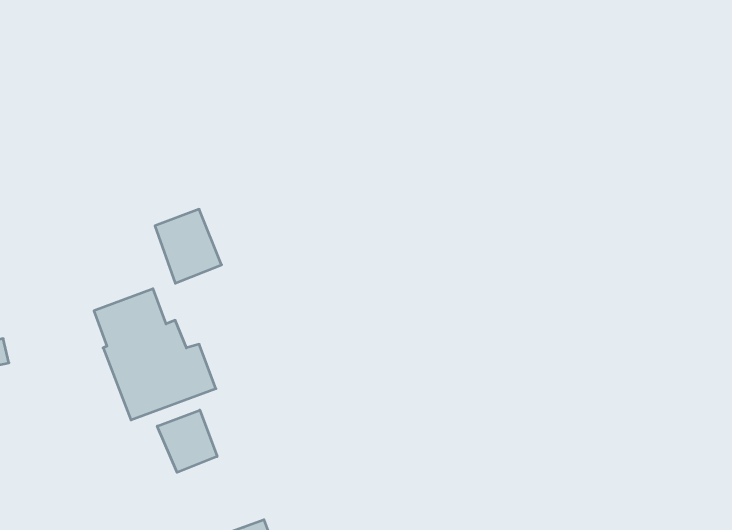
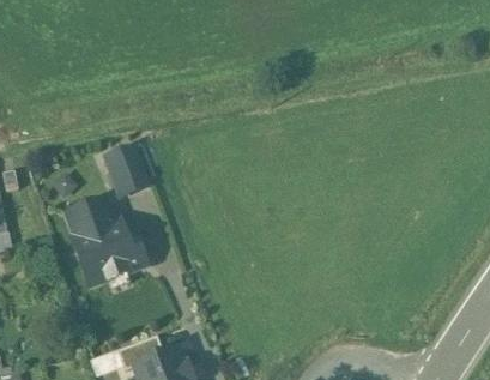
building: [157,410,217,472] -> none

